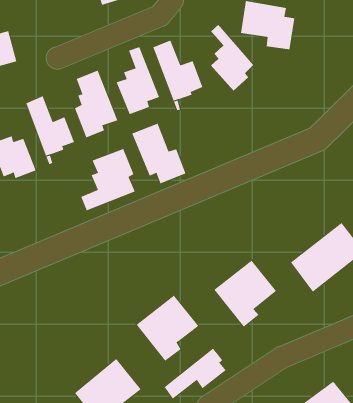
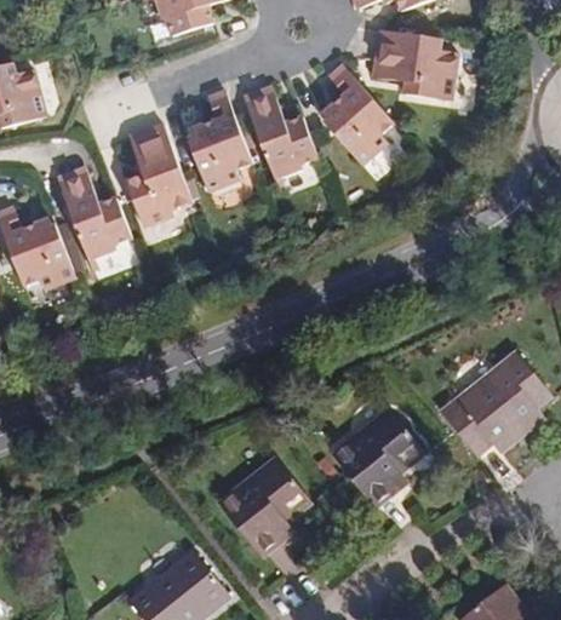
building: [131,123,186,184] -> none
building: [80,148,135,211] -> none
building: [164,348,226,399] -> none

